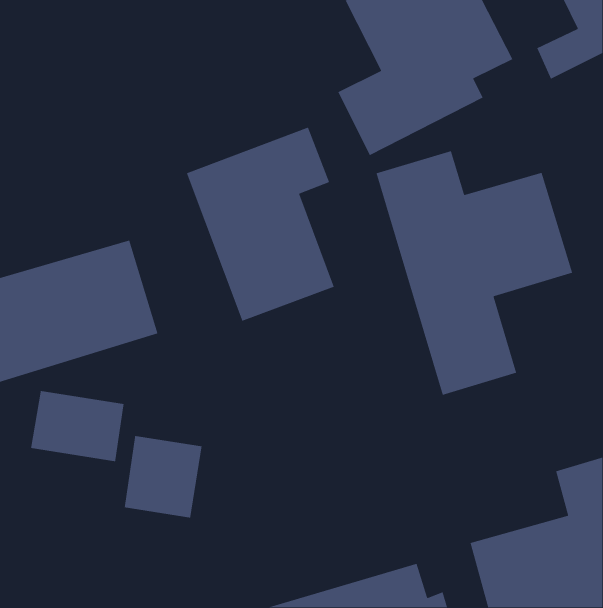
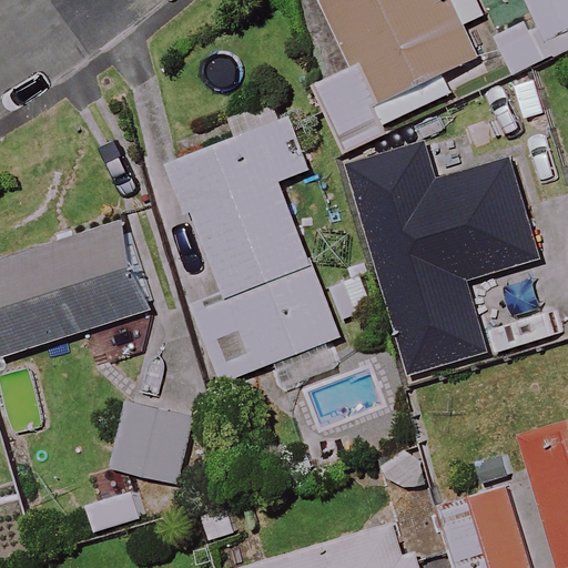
building: none -> [192,267,338,387]
building: [30,390,125,462] -> none

